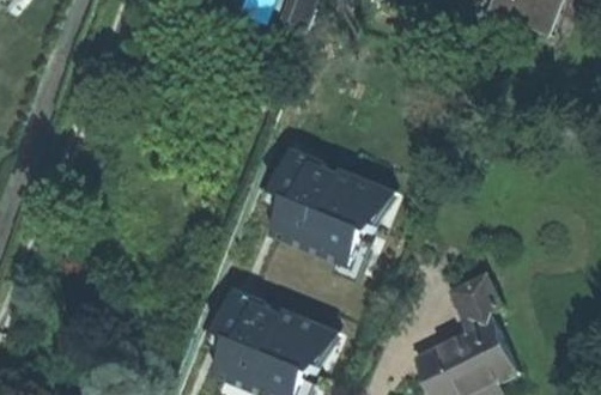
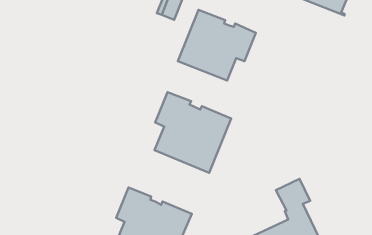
building: none -> [178,10,256,80]

